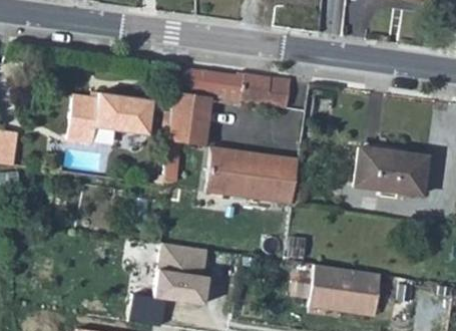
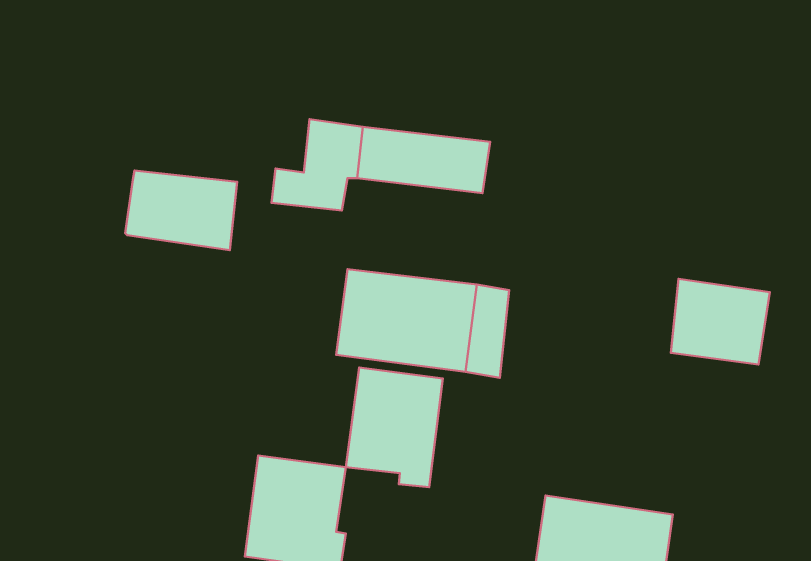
building: [64,95,96,141] -> none
building: [166,110,206,144] -> none
building: [359,147,384,190] -> none
building: none -> [346,367,443,487]

